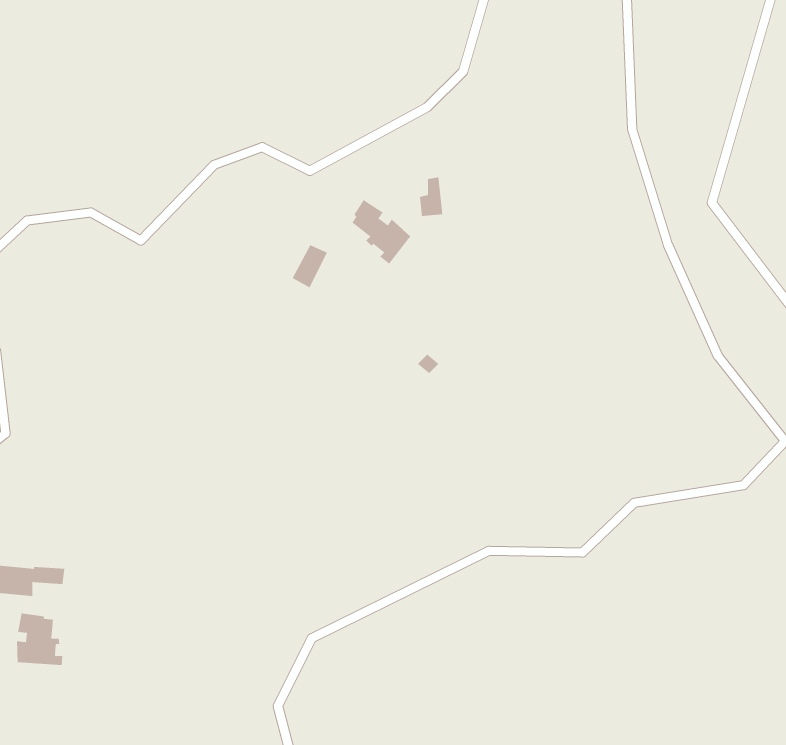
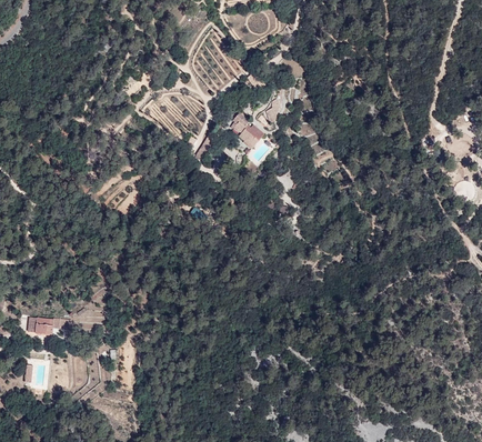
building: [16,612,63,666] -> none

